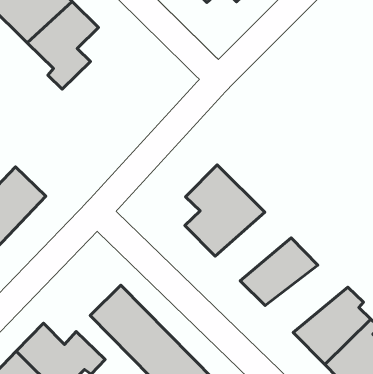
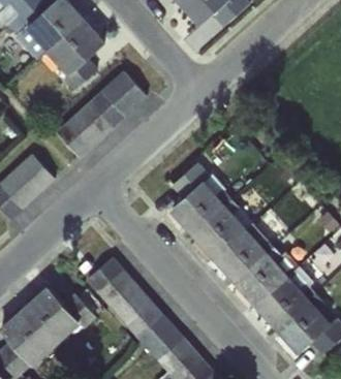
building: none -> [56,71,147,158]
building: none -> [192,203,256,259]
building: none -> [231,250,301,305]

